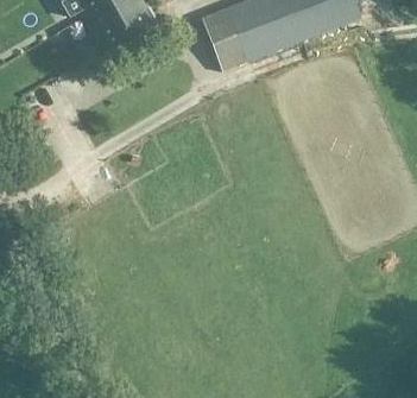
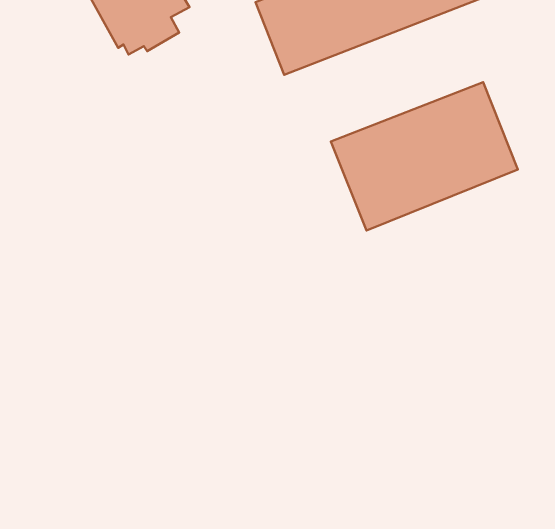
building: none -> [331,82,518,231]

